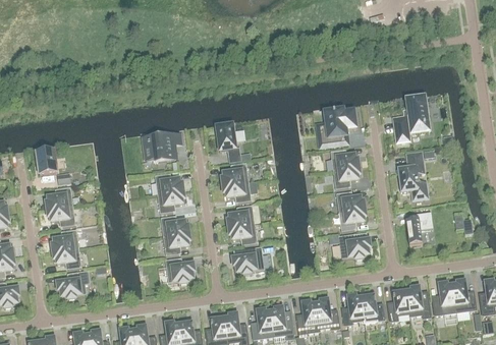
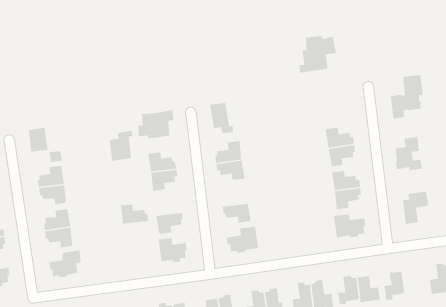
building: [318,107,355,145] -> [298,35,337,73]
building: none -> [109,130,133,162]
building: [226,203,254,225] -> none
building: [160,214,188,234] -> [120,204,149,224]
building: [405,284,430,315] -> none

